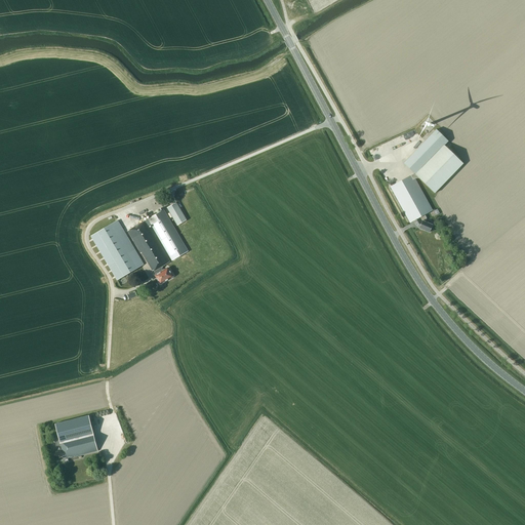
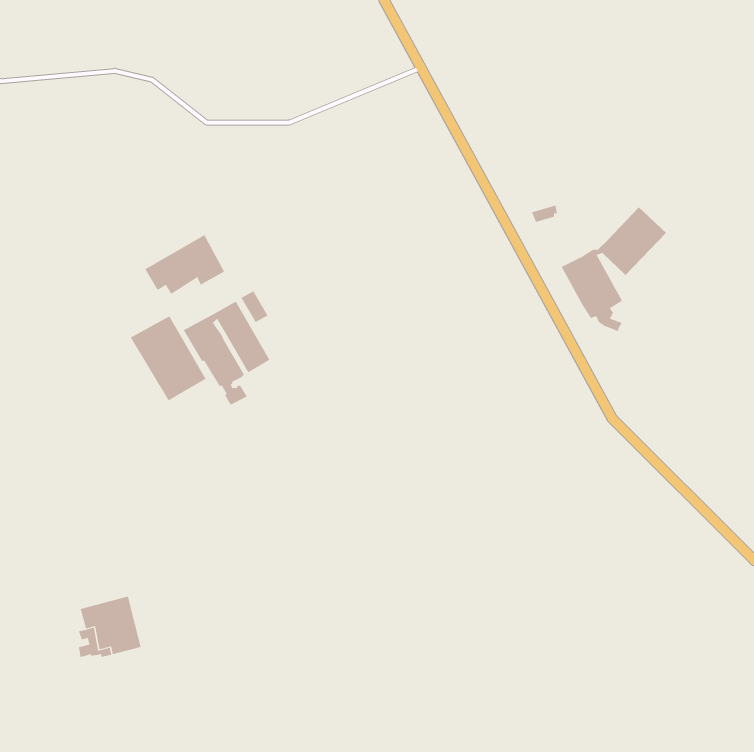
building: [410,128,448,167] -> none
building: none -> [144,234,225,295]

